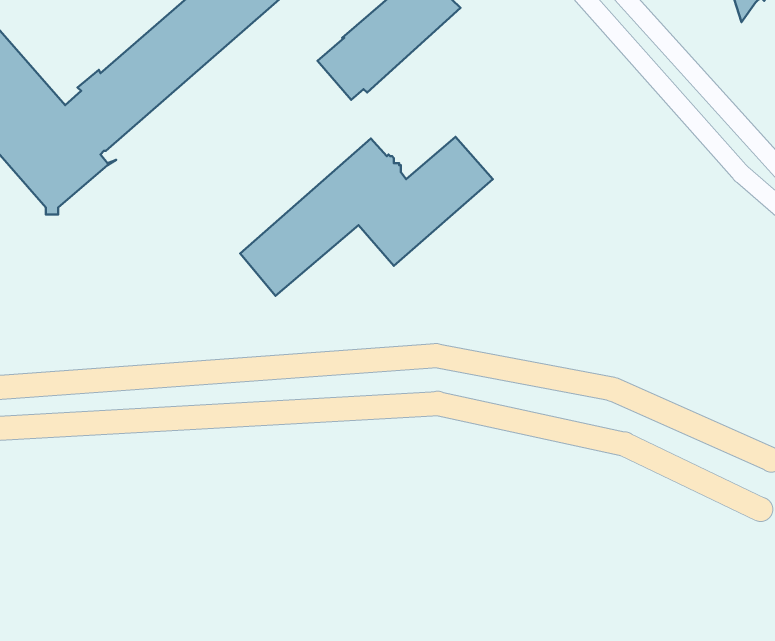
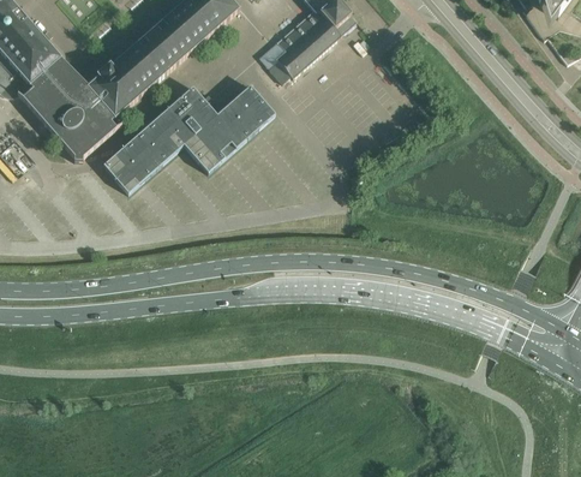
building: [240,137,493,296] -> [103,85,275,193]

